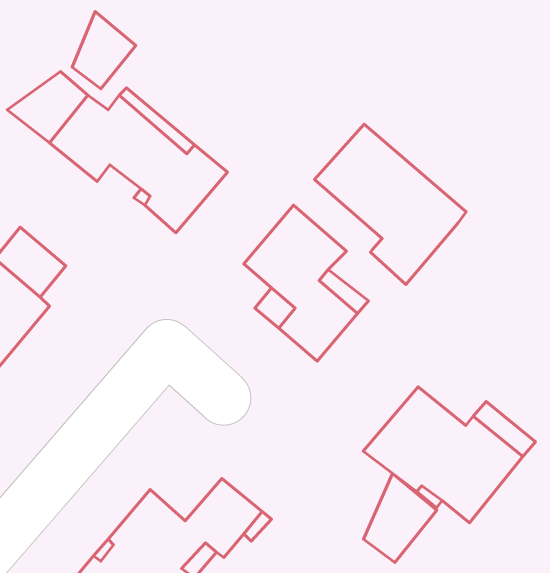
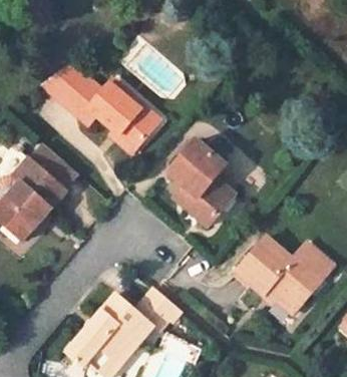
building: [72,12,136,89] -> none
building: [315,124,466,285] -> none
building: [364,473,437,562] -> none

